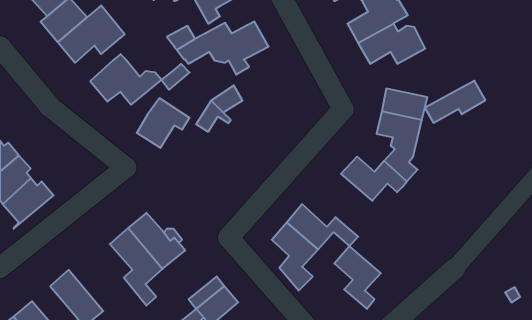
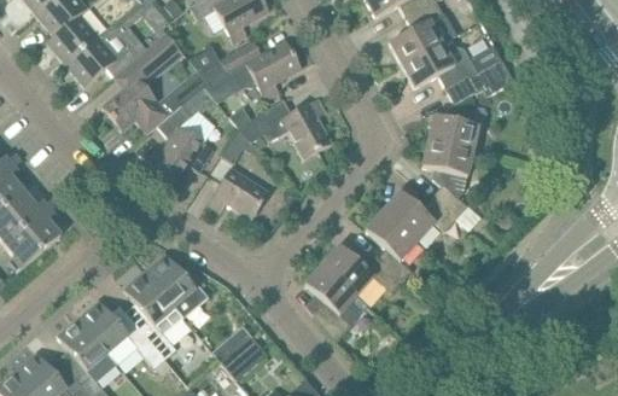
building: none -> [136,34,180,76]
building: none -> [281,98,332,158]
building: [425,81,485,123] -> [445,58,513,105]
building: none -> [208,168,269,219]
building: [334,246,381,309] -> [366,211,418,281]
building: none -> [78,301,165,368]

